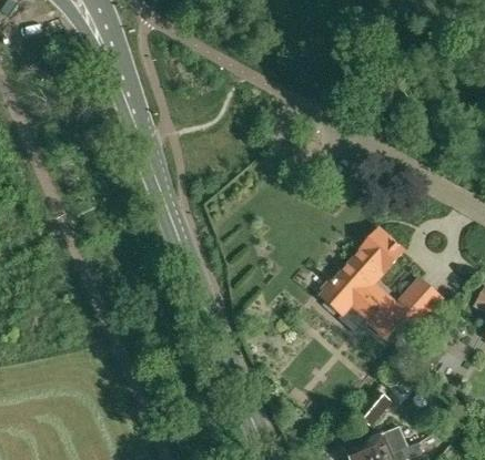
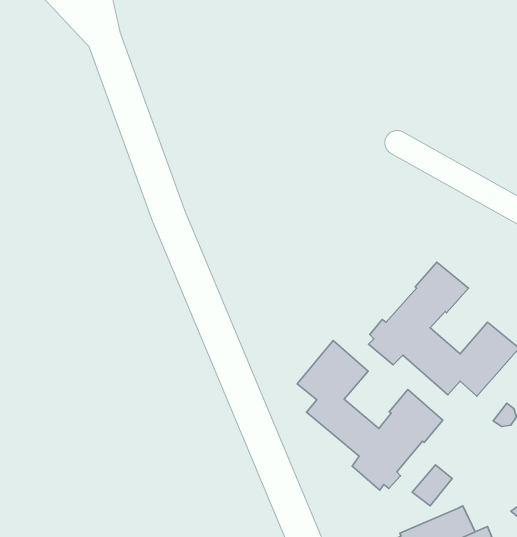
building: none -> [297,341,443,490]

